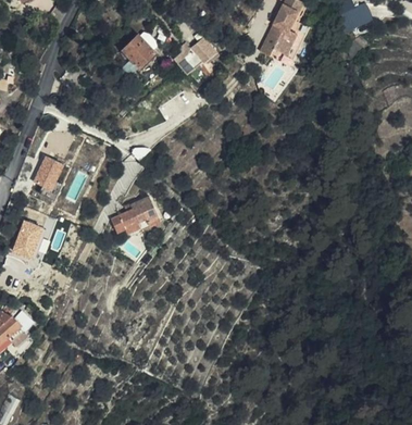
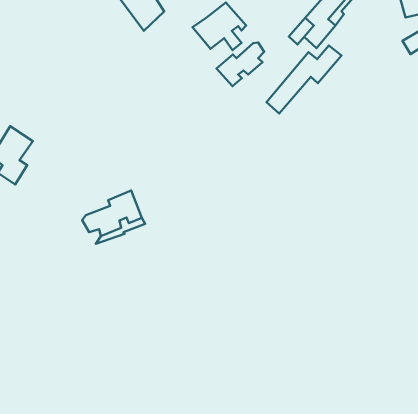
building: none -> [267,46,341,114]
building: none -> [217,42,264,86]

